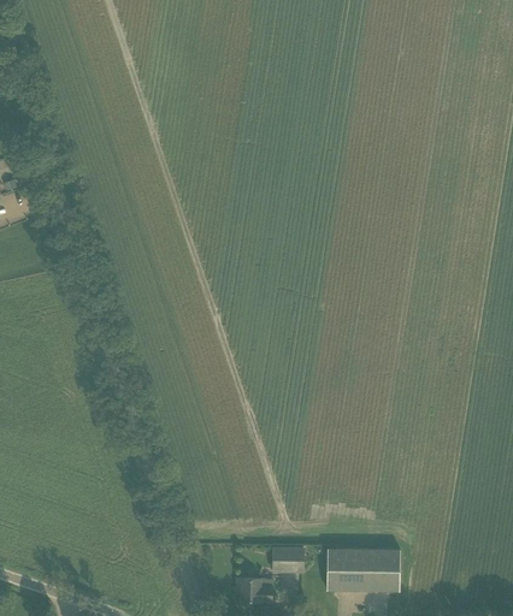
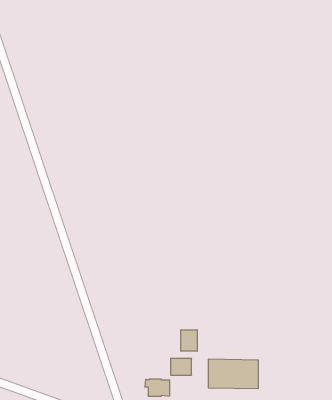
building: none -> [181,330,197,351]

